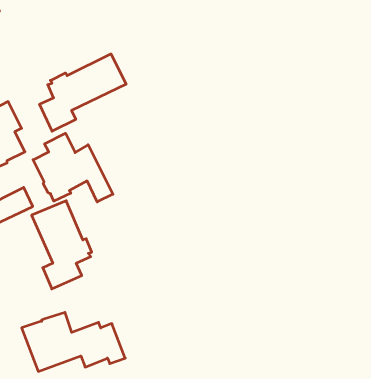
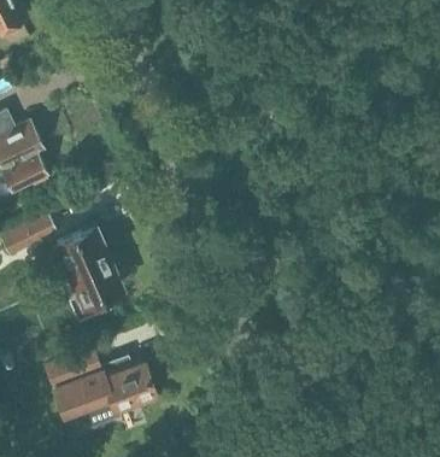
building: [40,54,126,131] -> none
building: [33,133,113,202] -> none

